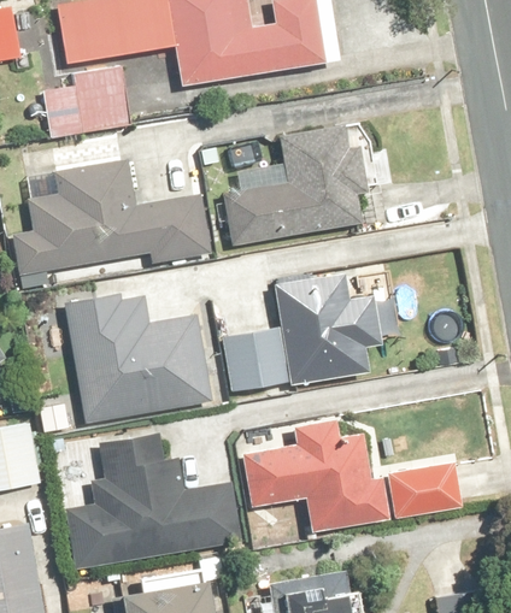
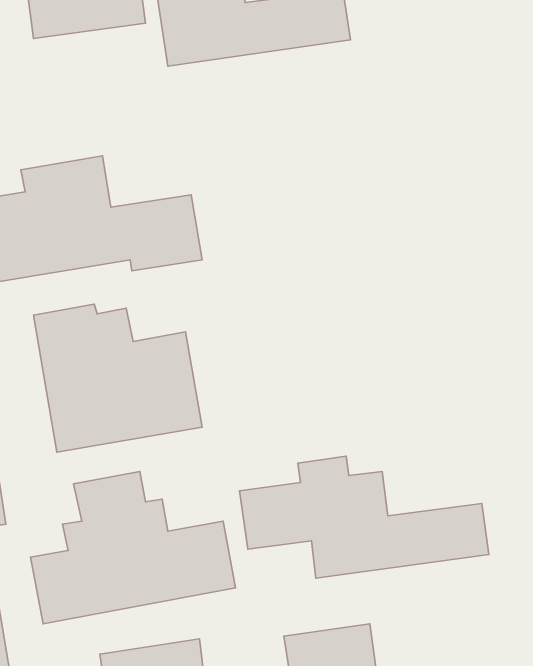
building: [41,67,131,138] -> none
building: [225,128,359,242] -> none
building: [221,276,382,390] -> none

